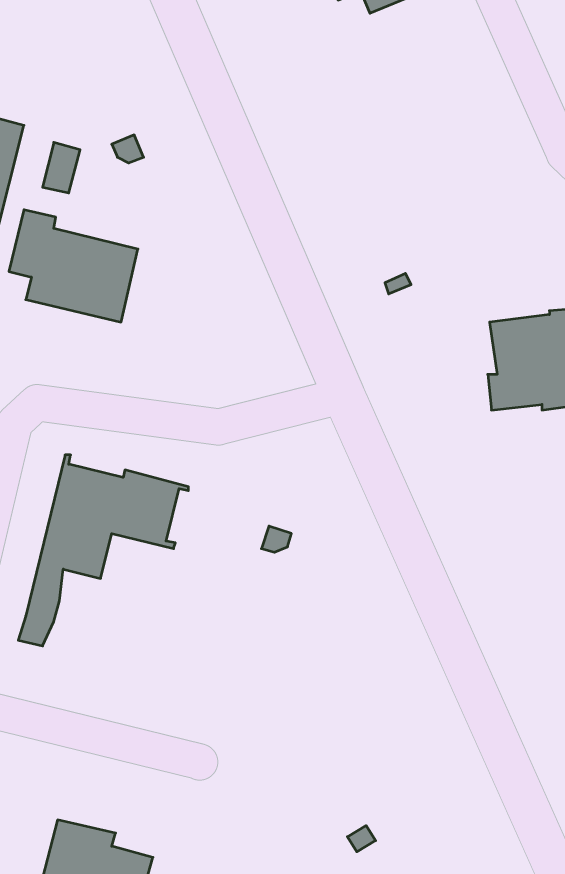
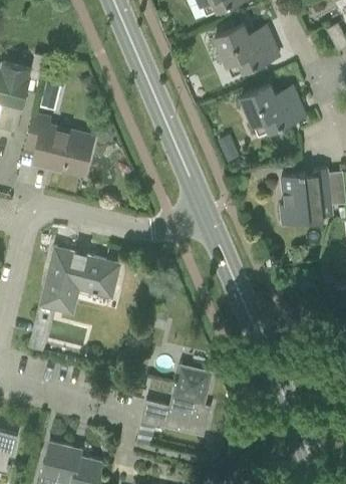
building: none -> [216,24,279,71]
building: none -> [242,84,305,137]
building: none -> [141,366,213,437]

